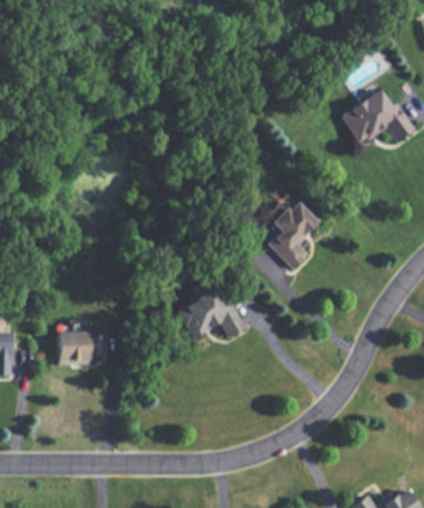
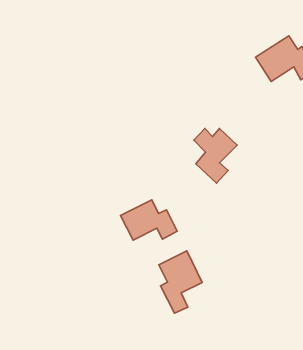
building: [59,332,110,366] -> none
building: none -> [159,251,202,313]

